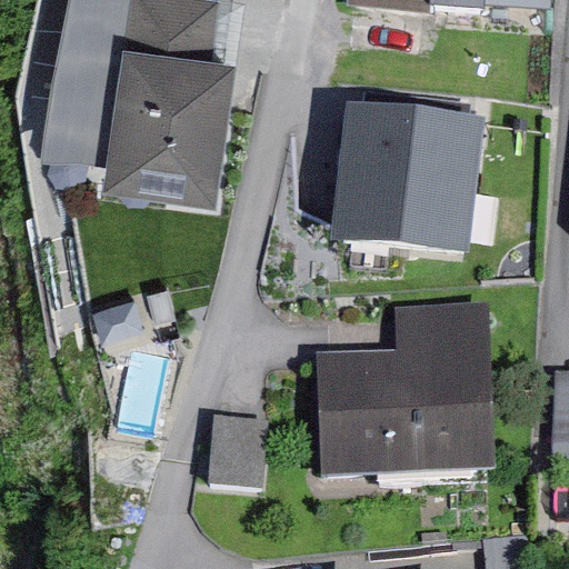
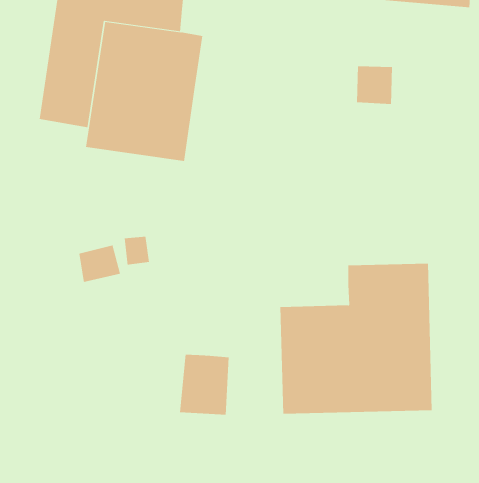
building: [339,117,487,260] -> none

